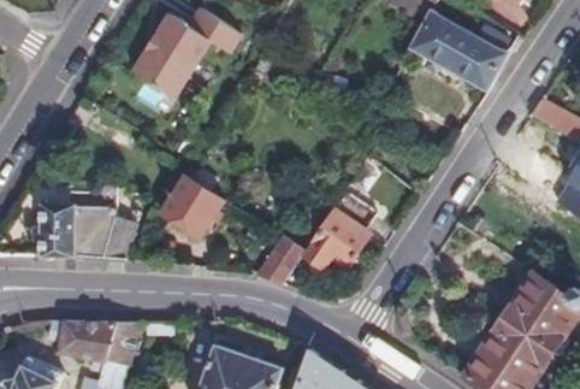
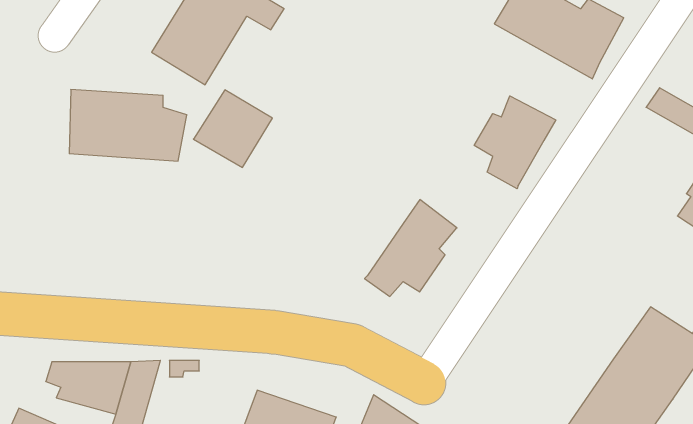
building: none -> [474,96,556,189]
building: [161,176,225,238] -> [193,90,272,167]
building: [40,204,135,261] -> [69,90,187,161]
building: [254,235,306,285] -> none

